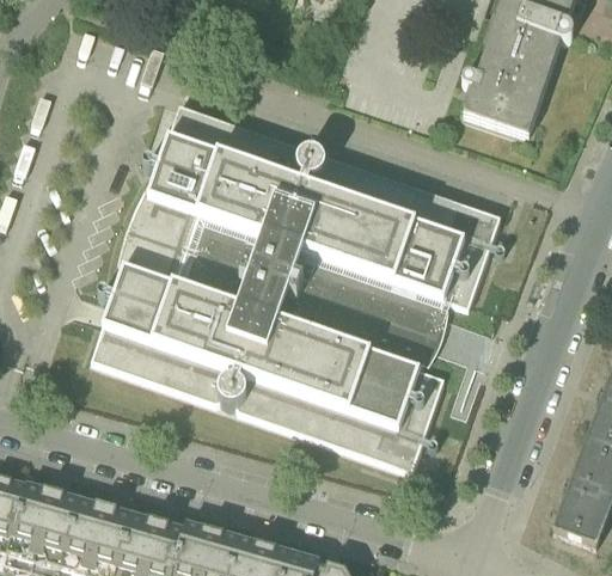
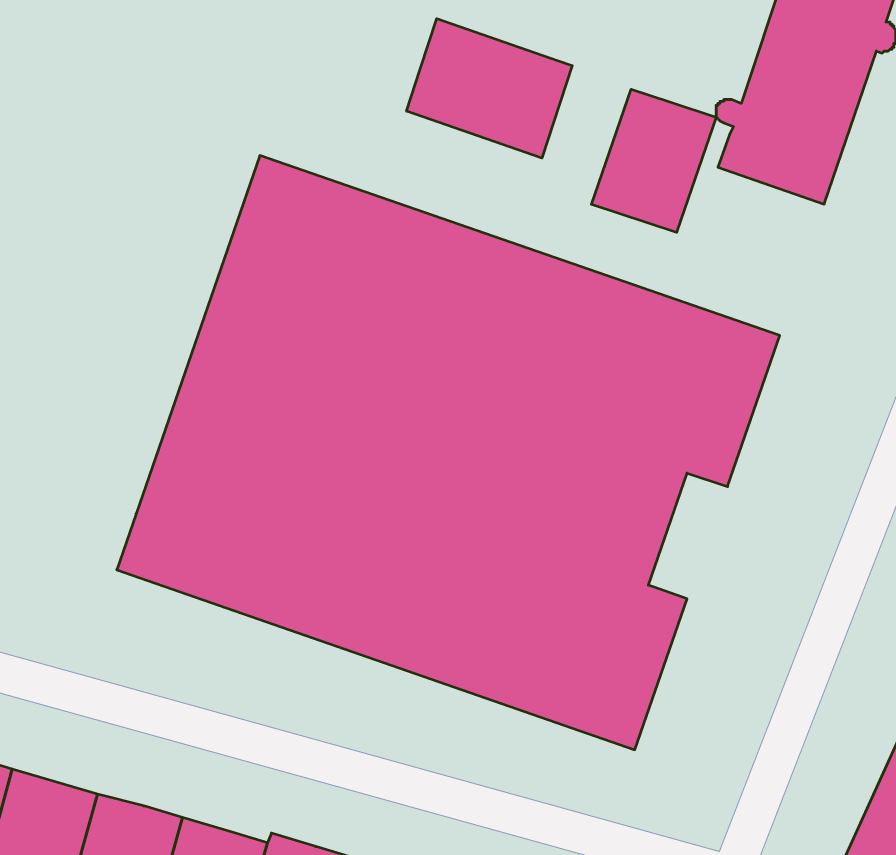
building: none -> [407,19,572,158]
building: none -> [591,89,716,232]

